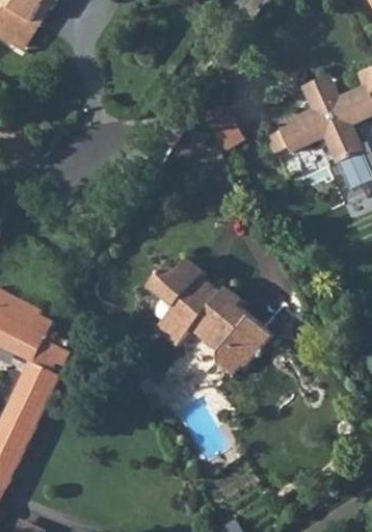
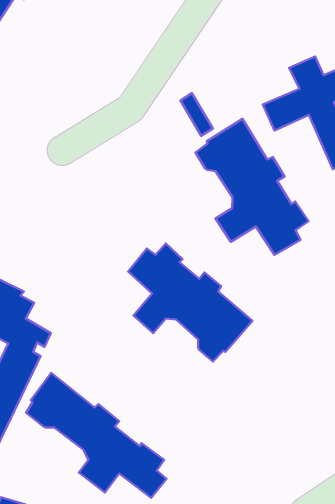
building: none -> [195,119,309,255]
building: none -> [26,373,167,498]

